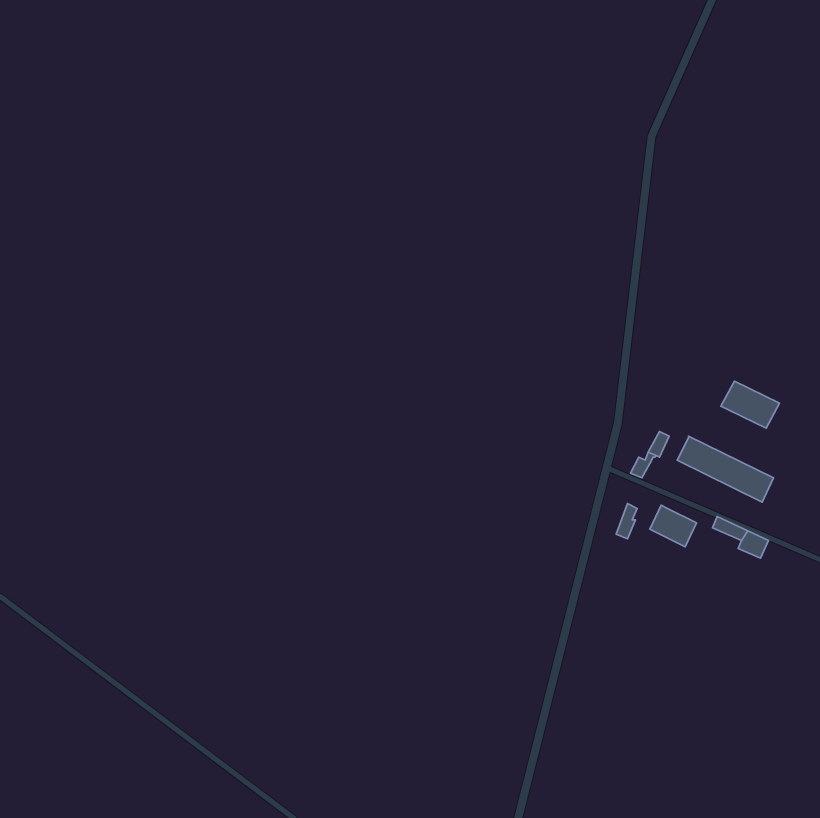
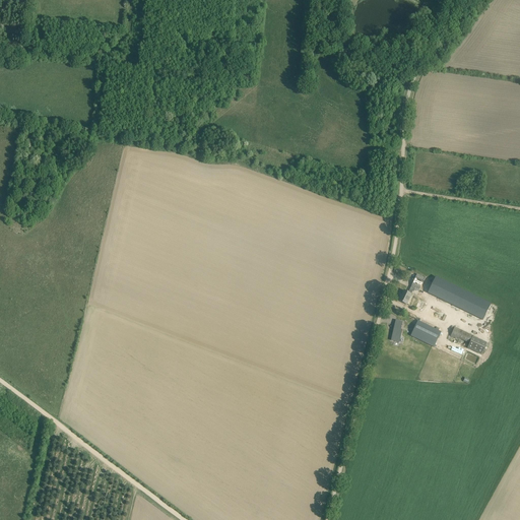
building: [721,381,780,428] -> none

